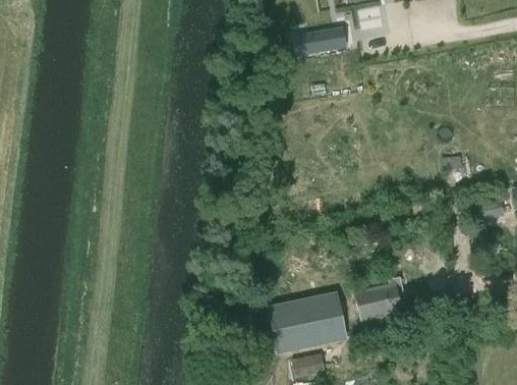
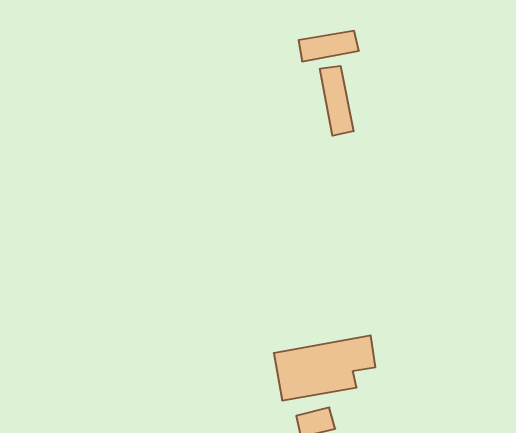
building: none -> [320,66,354,136]
building: [356,284,402,319] -> none

